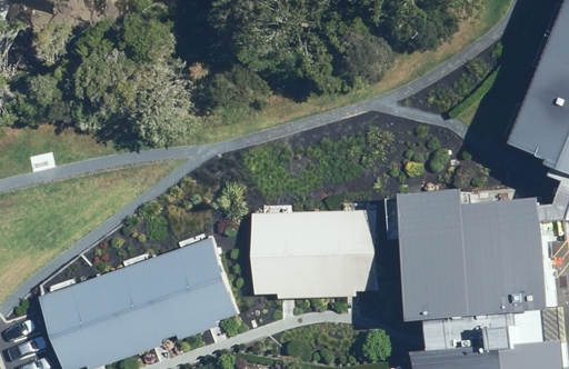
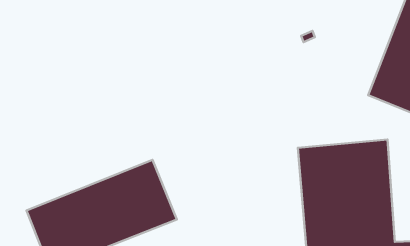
building: [246,207,375,295] -> none

